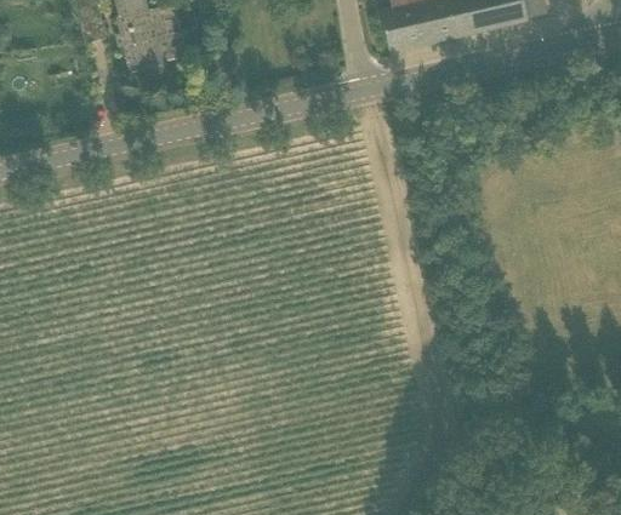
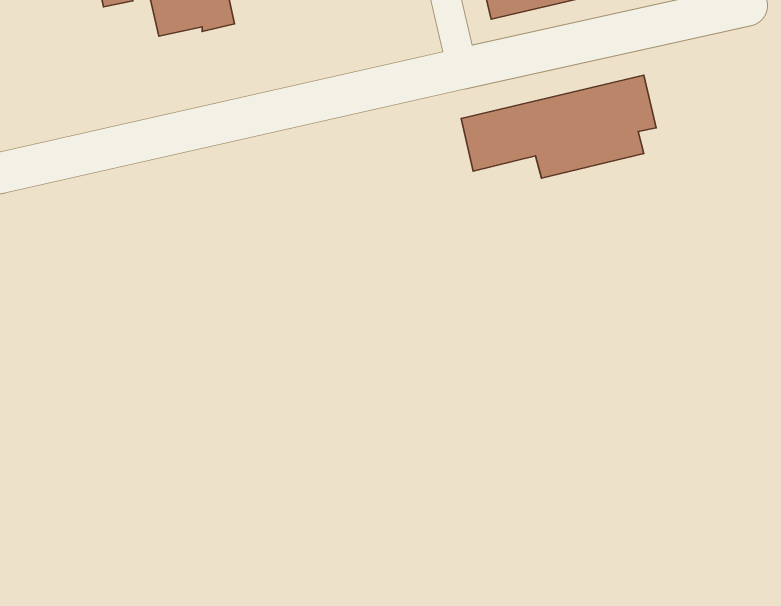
building: none -> [461,75,656,178]

